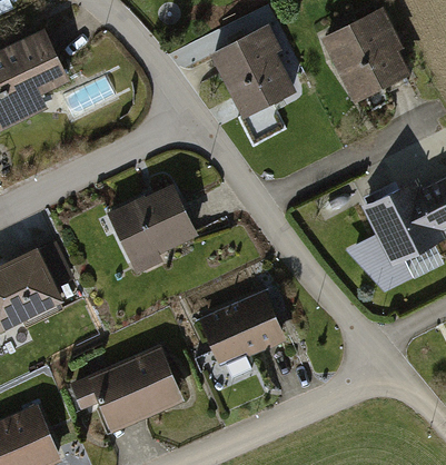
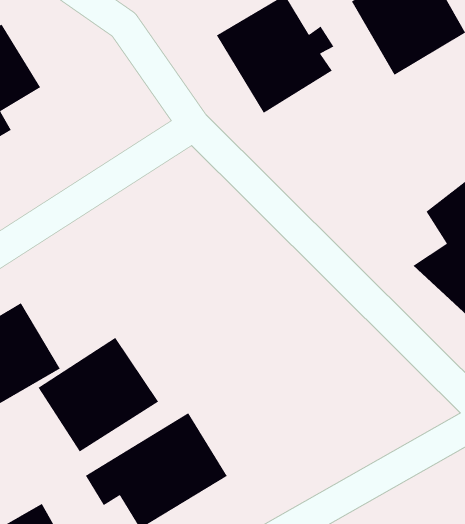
building: [108,182,202,270] -> [37,337,159,453]
building: [198,294,286,377] -> none

